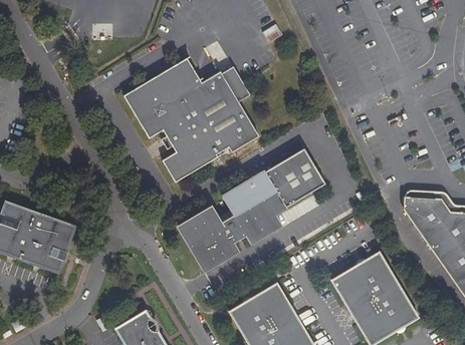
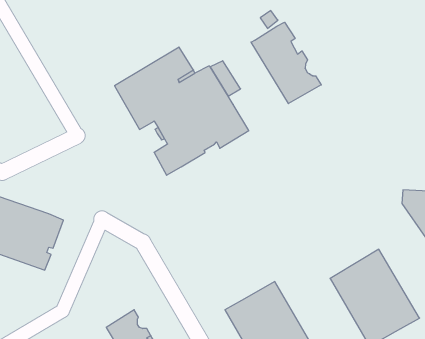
building: none -> [251,22,321,104]
building: [181,148,327,269] -> none

